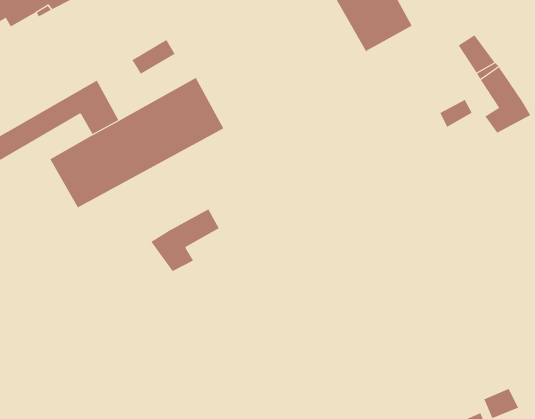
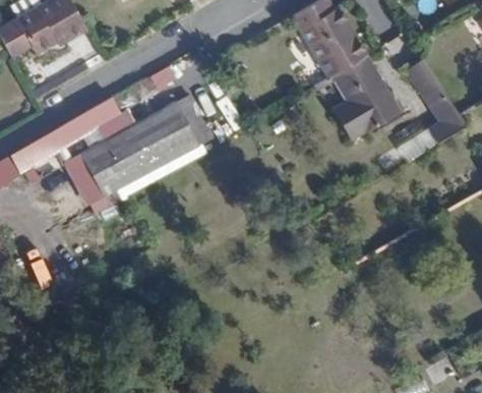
building: none -> [328,54,397,133]
building: [151,208,219,272] -> none

